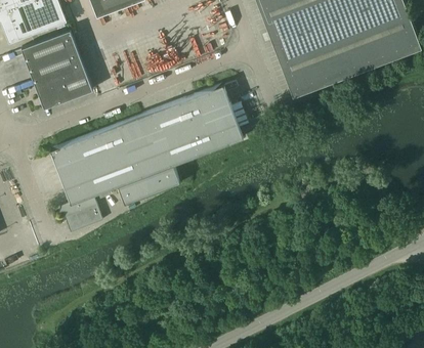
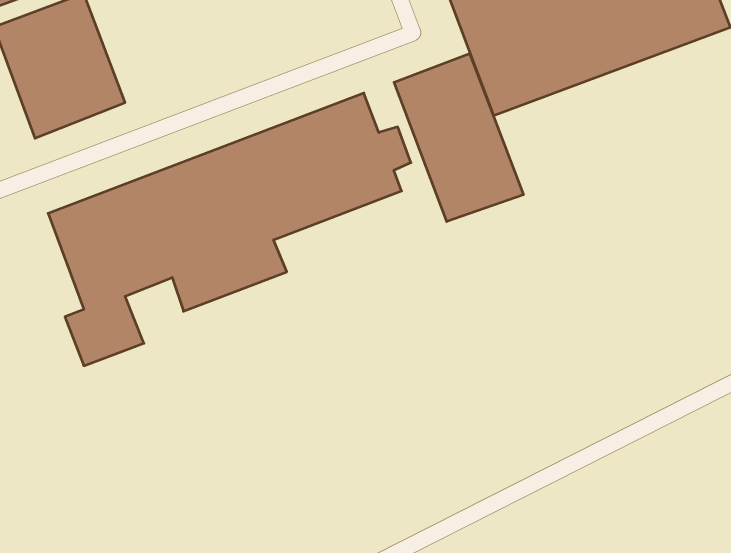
building: none -> [394,54,523,222]

